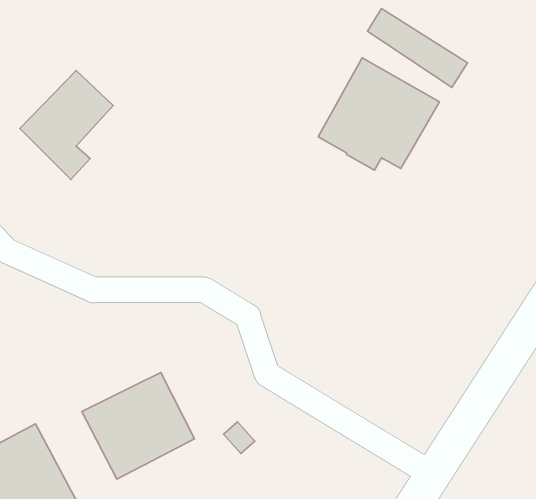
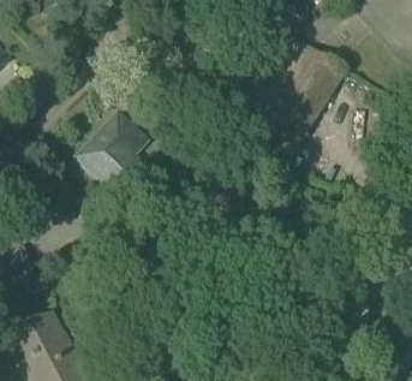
building: [20,70,113,179] -> [82,113,145,187]
building: [82,373,195,479] -> none

